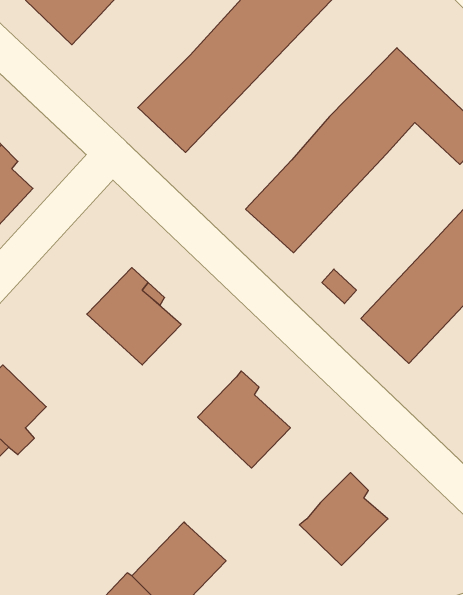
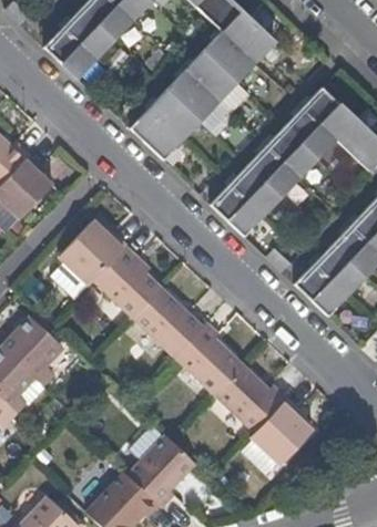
building: none -> [58,221,125,287]
building: none -> [133,288,203,356]
building: none -> [214,364,287,432]

